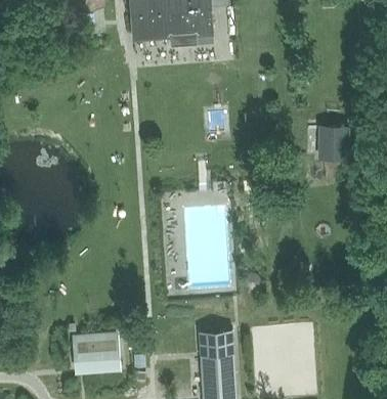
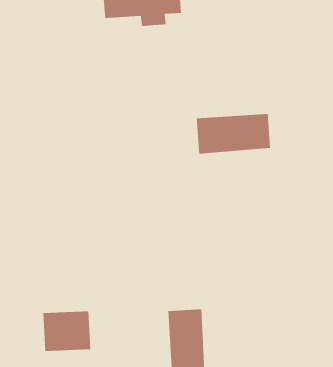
building: [312,129,343,163] -> none
building: none -> [196,113,271,154]

